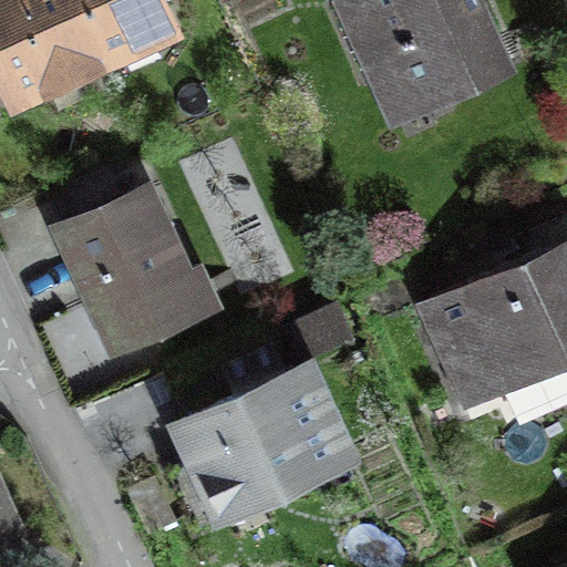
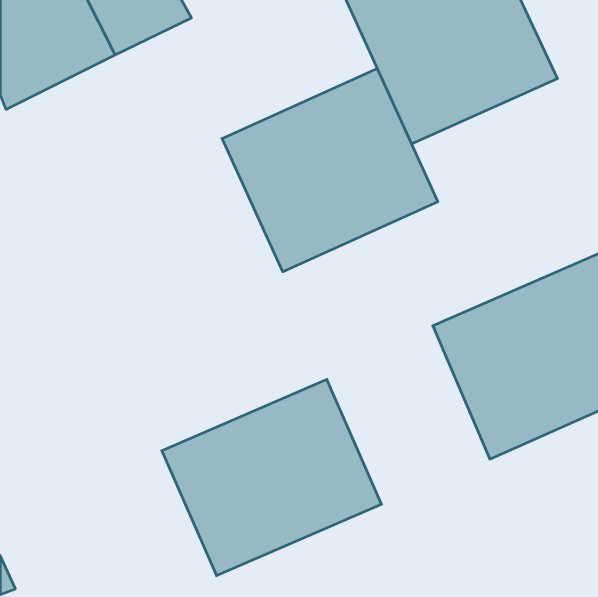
building: none -> [222,69,438,272]
building: [41,167,233,382] -> none

